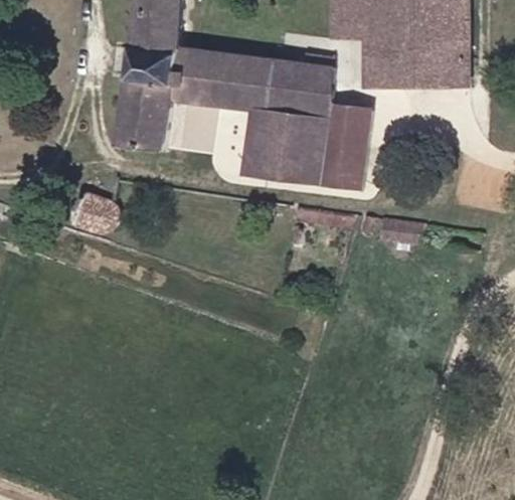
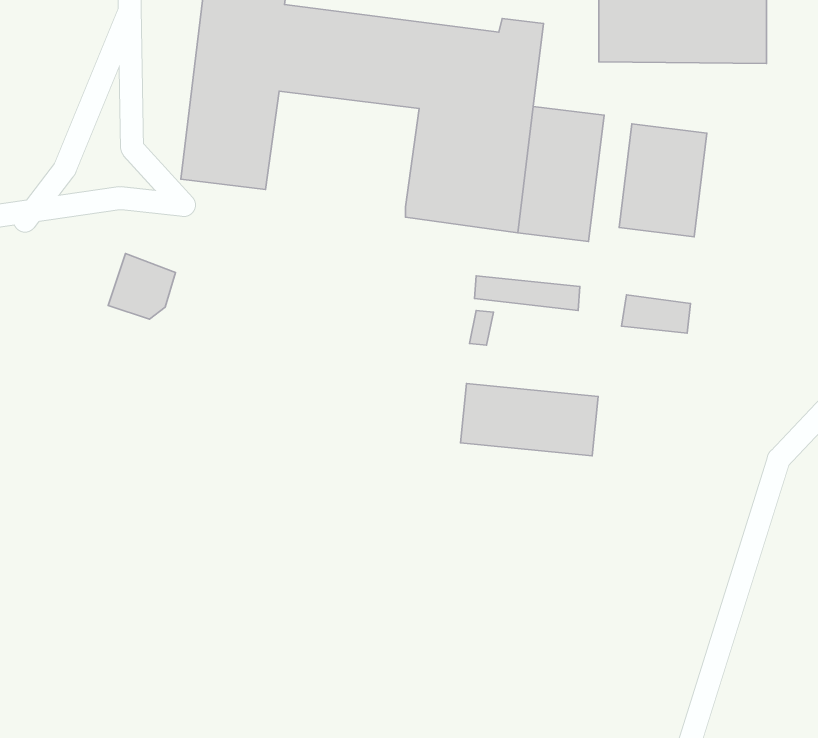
building: [168,97,258,164] -> none
building: none -> [619,124,707,237]
building: none -> [461,383,598,456]

